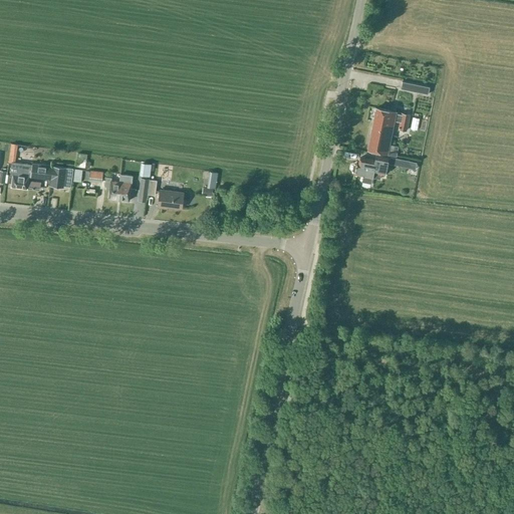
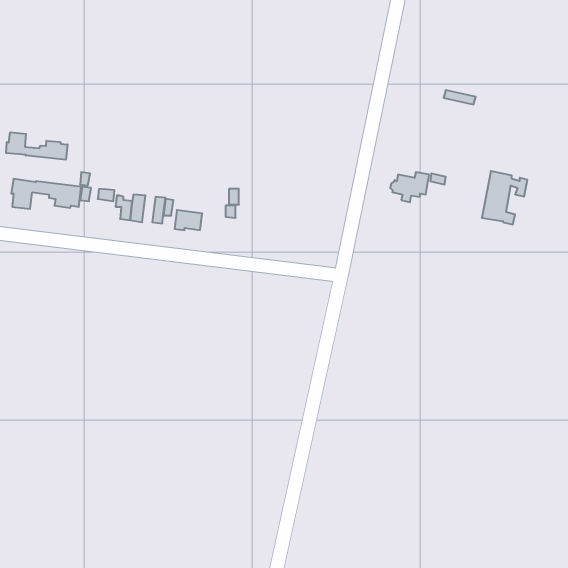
building: [367,107,409,156] -> [482,171,527,224]
building: none -> [6,132,68,160]

